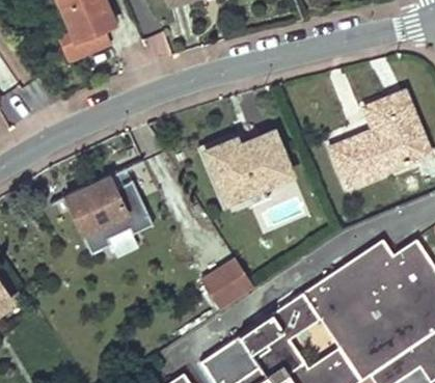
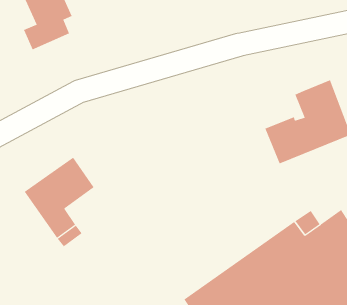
building: [208,131,293,201] -> none
building: [201,255,255,307] -> none

